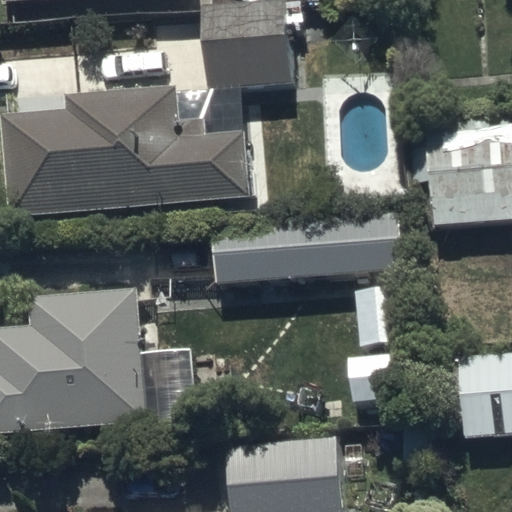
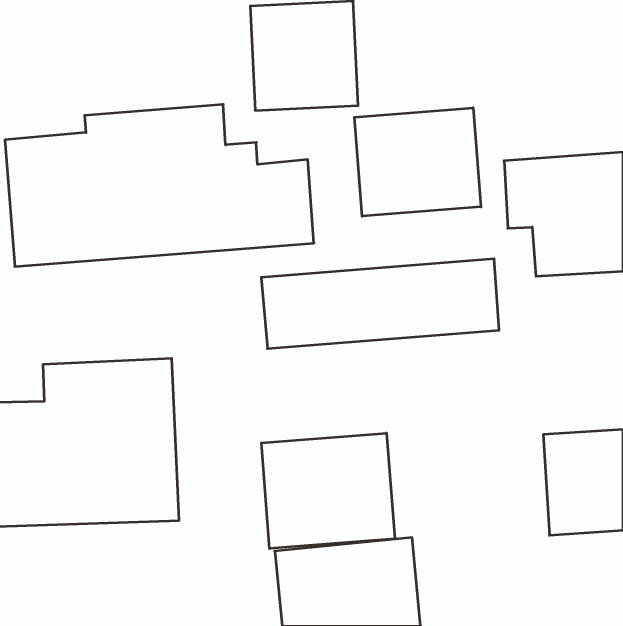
building: none -> [354,108,481,216]
building: none -> [261,433,395,549]

